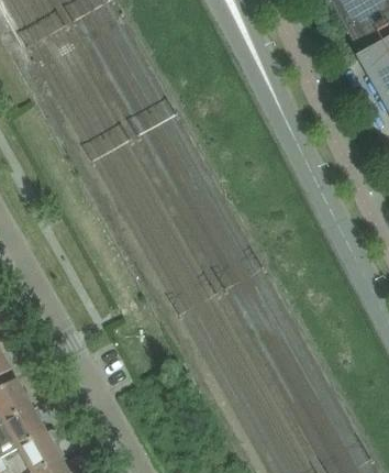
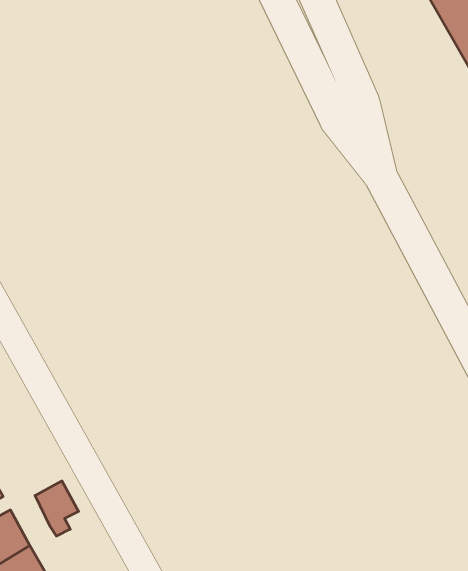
building: none -> [35,481,79,536]

